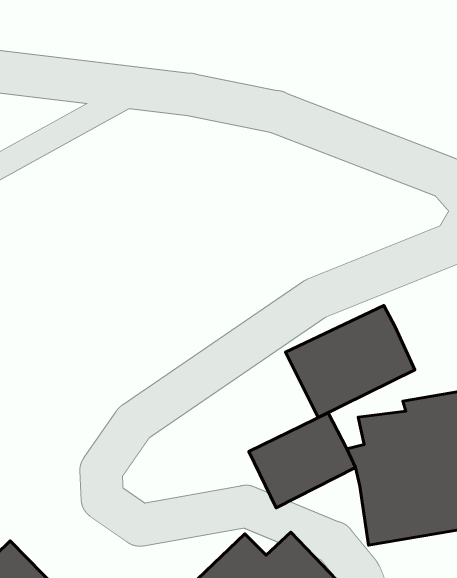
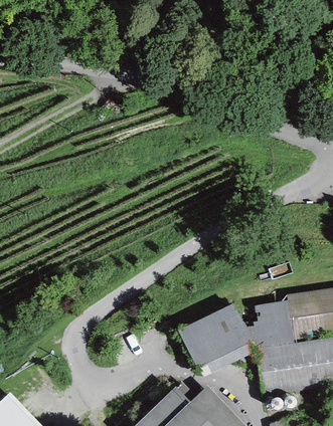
building: [286,305,415,418] -> none

